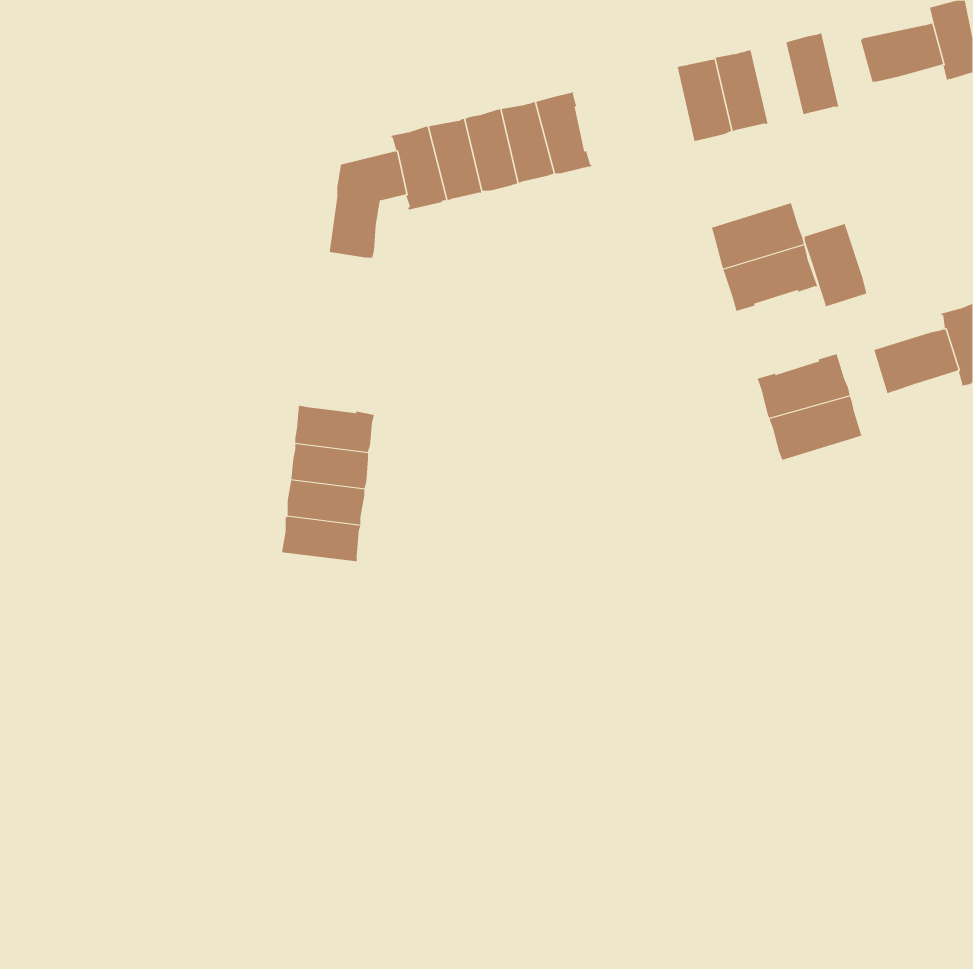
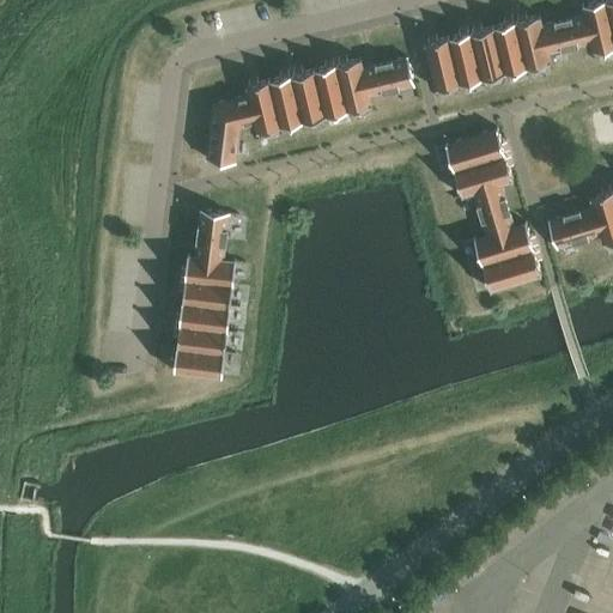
building: none -> [515,19,550,72]
building: none -> [471,31,503,83]
building: none -> [360,61,413,99]
building: [804,223,867,307] -> [473,187,512,239]
building: none -> [194,213,227,263]
building: none -> [174,351,224,381]

